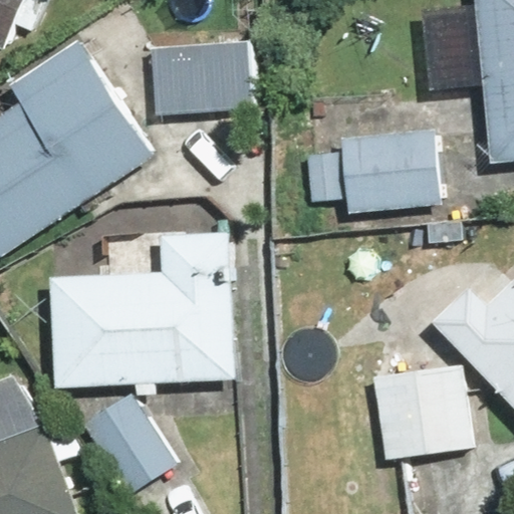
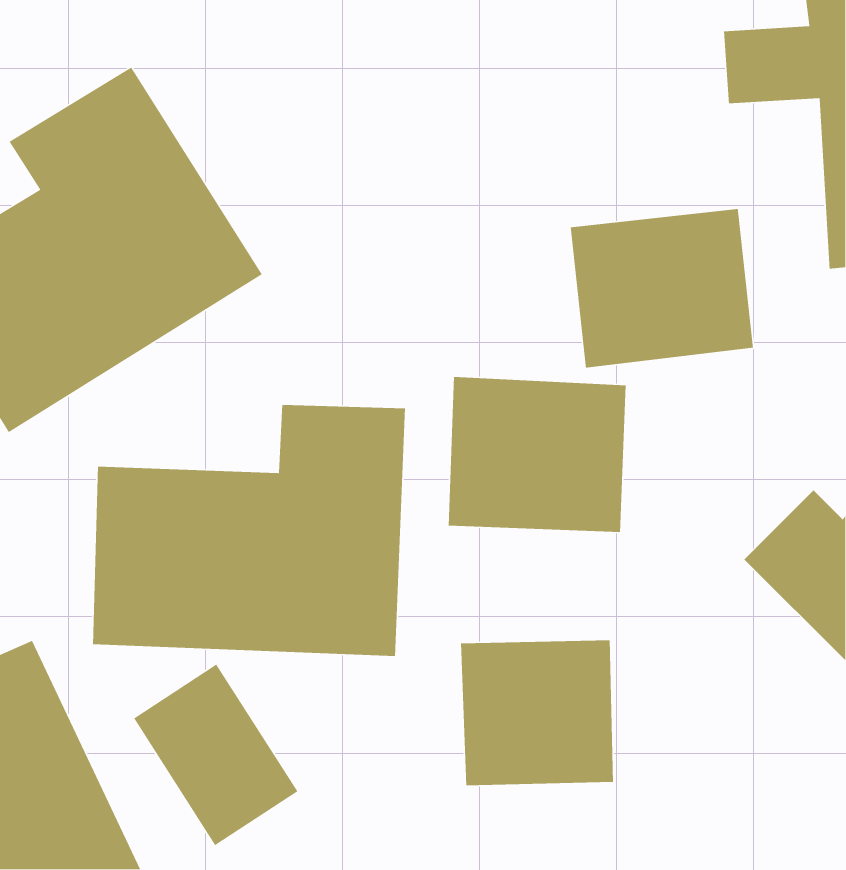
building: [147,39,251,112] -> none
building: none -> [448,376,627,533]
building: [373,368,464,455] -> [460,639,614,786]

